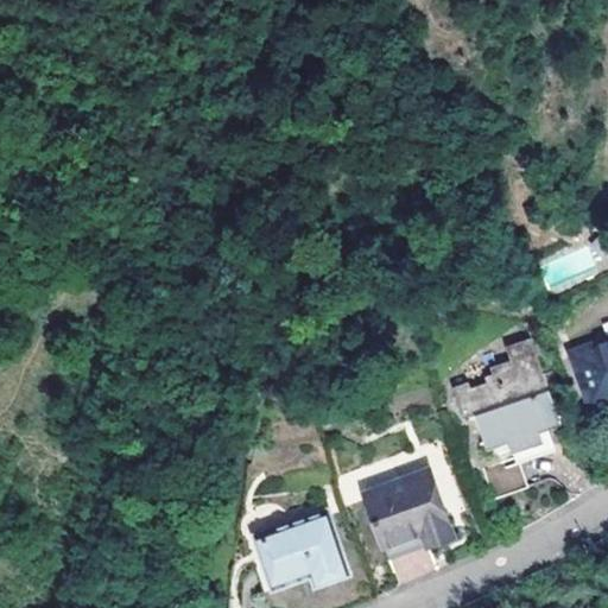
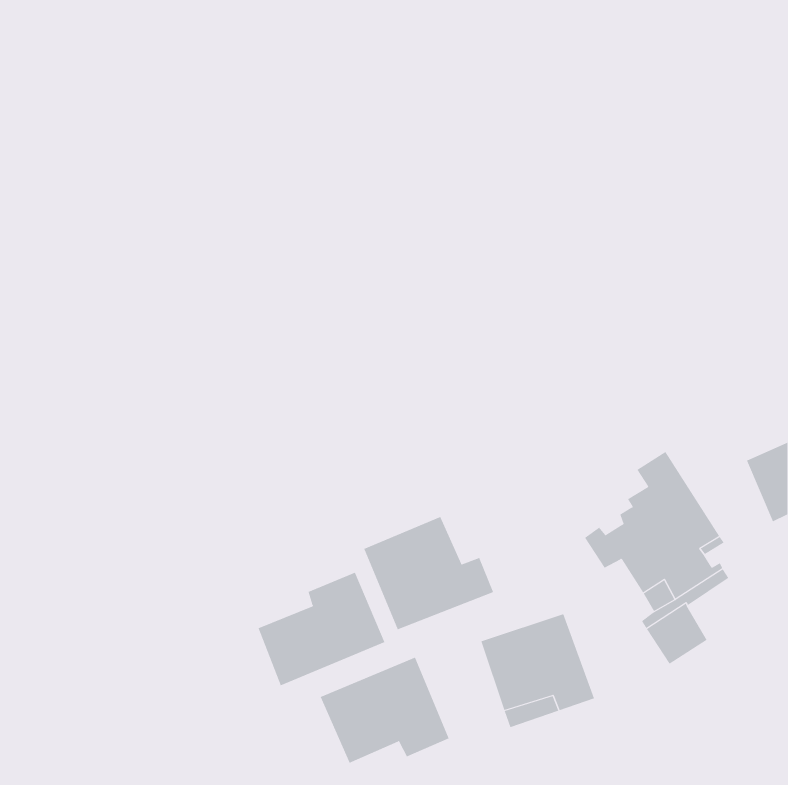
building: none -> [363,516,494,630]
building: none -> [258,572,385,686]

